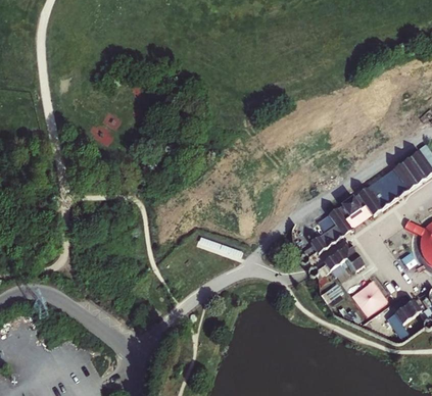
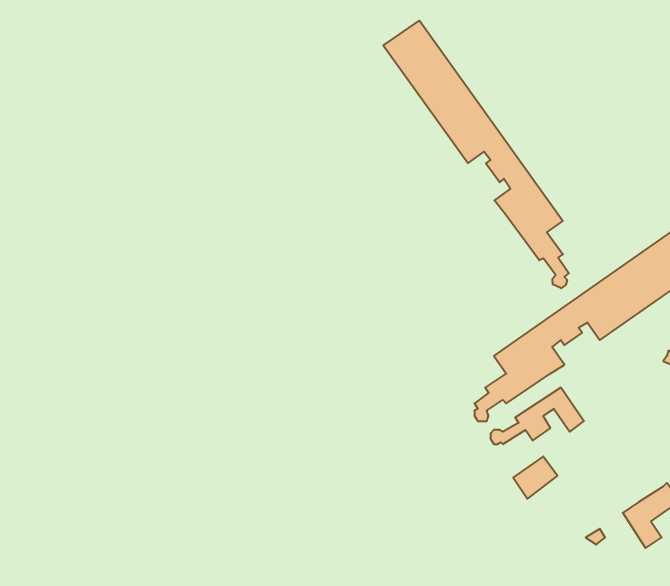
building: none -> [383,21,569,288]
building: [353,282,389,317] -> none

